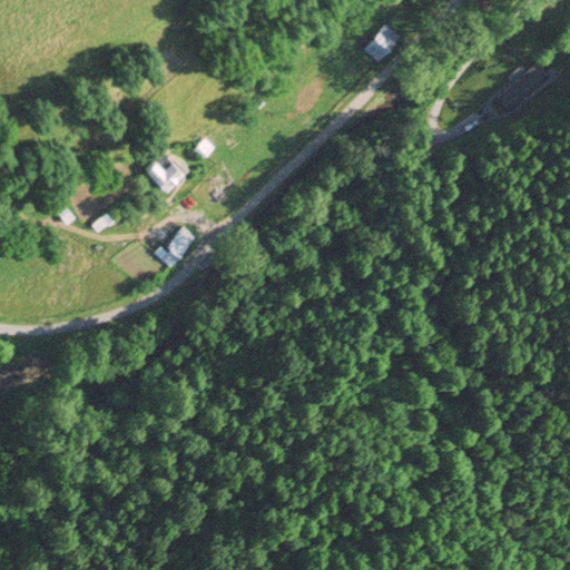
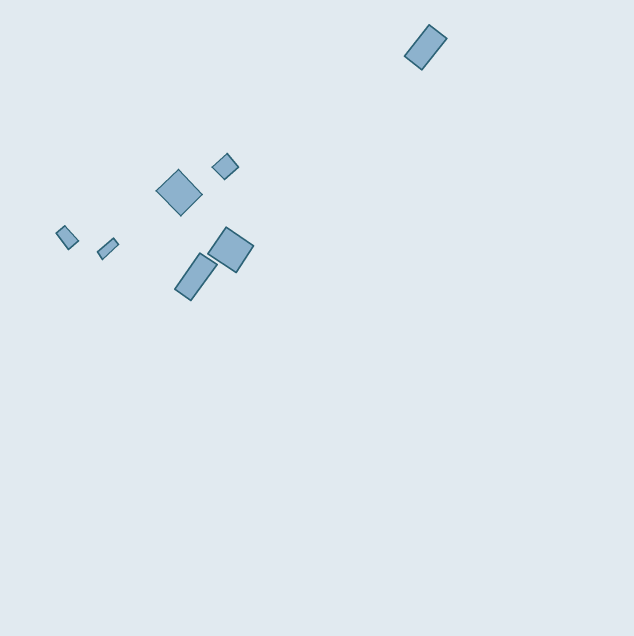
building: none -> [208,227,253,272]

